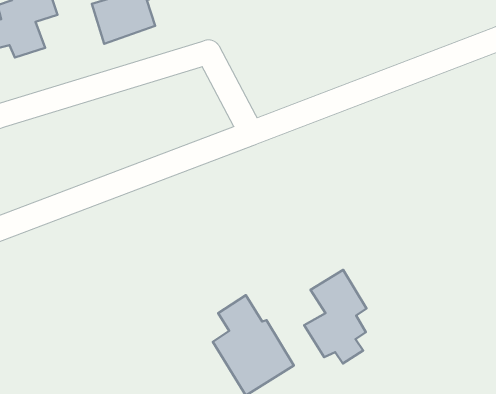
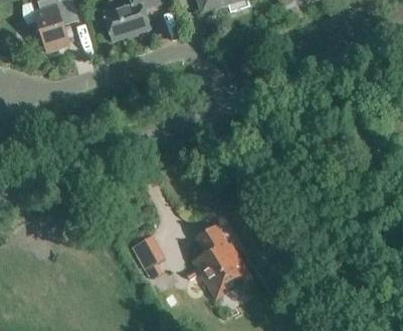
building: [304,270,367,363] -> none
building: none -> [134,236,165,278]

